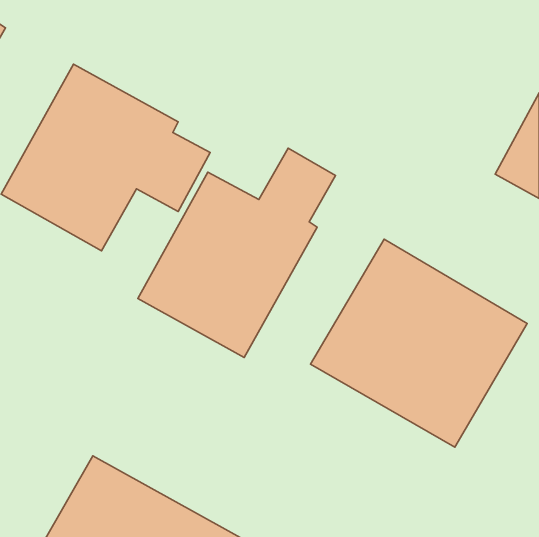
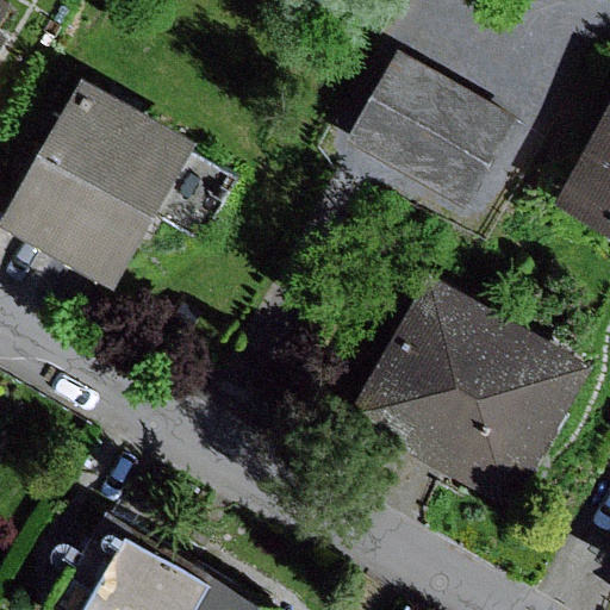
building: none -> [344,55,515,216]
building: [138,148,335,358] -> none

